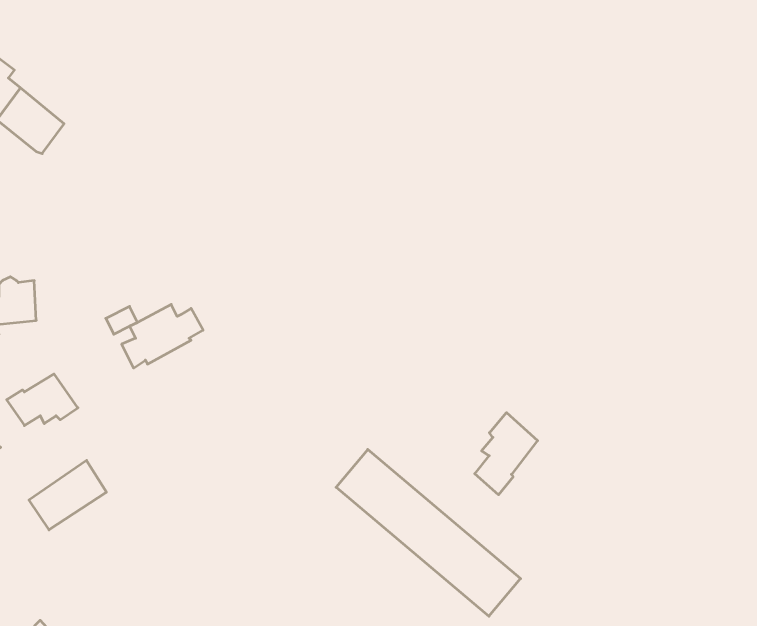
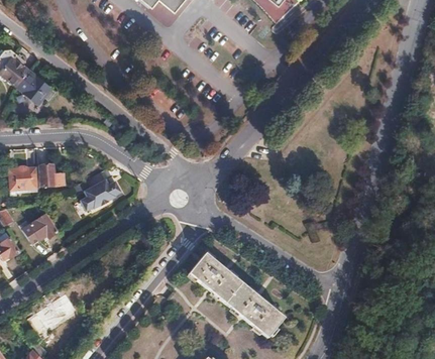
building: none -> [37,165,63,187]
building: [475,413,538,495] -> none
building: [29,460,106,530] -> [36,294,76,330]

